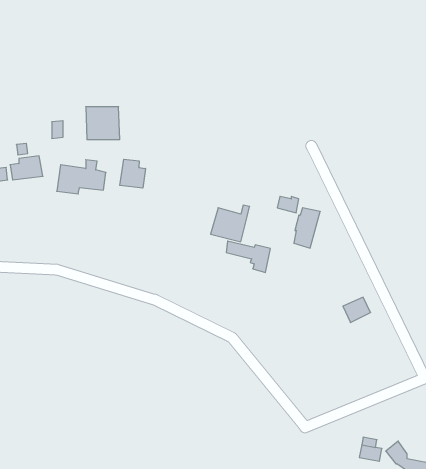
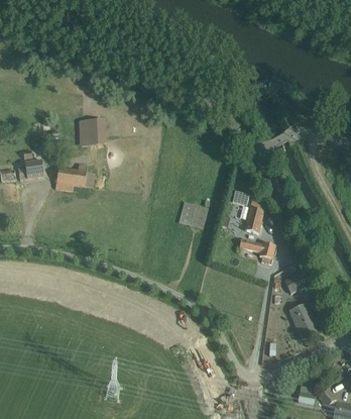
building: [120,159,145,188] -> none
building: [226,241,270,273] -> [239,237,274,263]
building: none -> [288,302,316,337]

